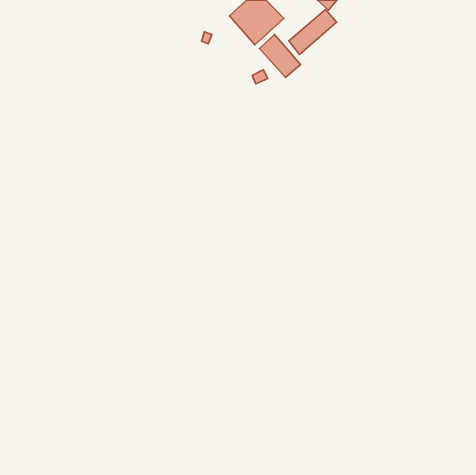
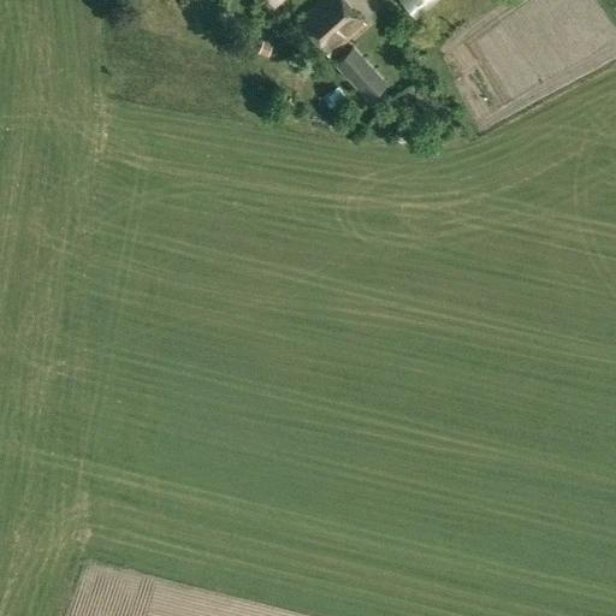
building: [289,10,336,54] -> none

